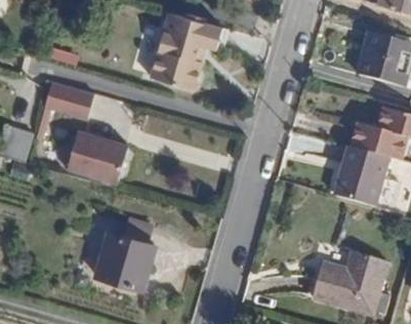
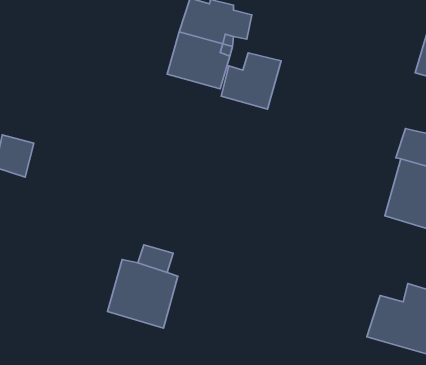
building: none -> [221,53,281,109]
building: [45,81,97,123] -> none
building: [73,130,134,185] -> none

